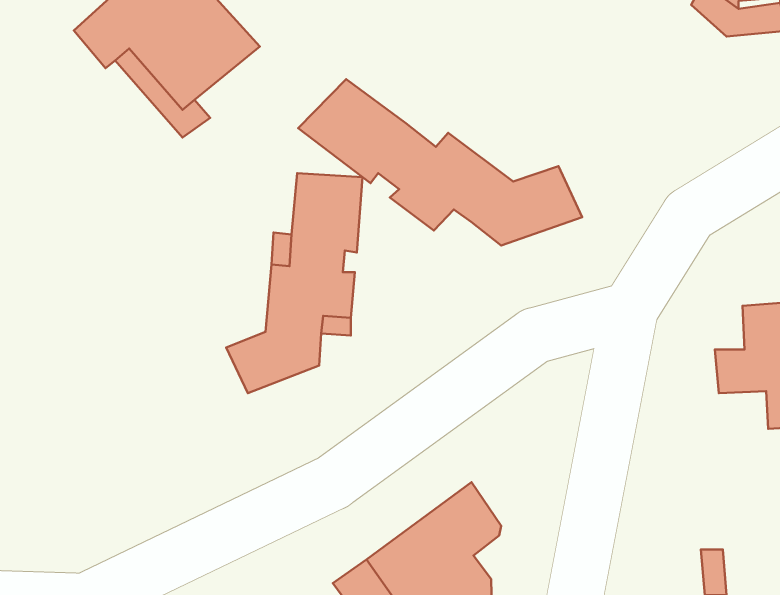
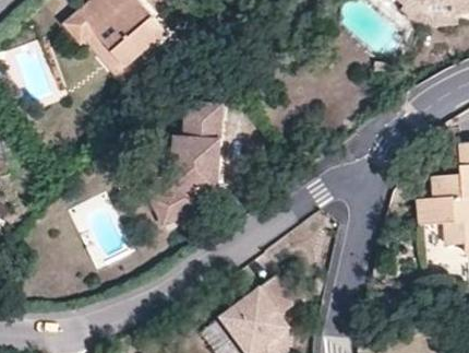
building: [298,79,582,246] -> none

